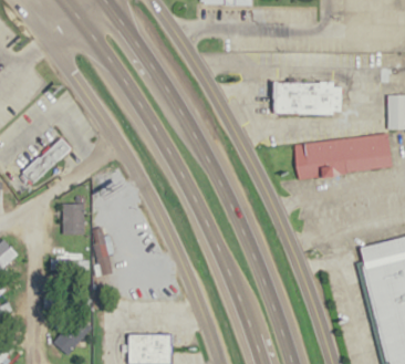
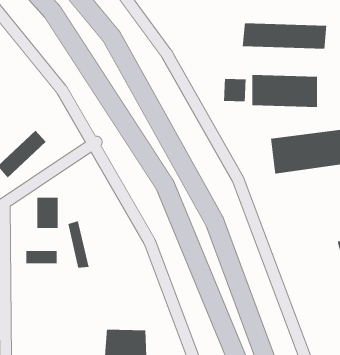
building: none -> [242,22,327,50]
building: none -> [224,78,246,102]
building: [53,315,93,355] -> none

